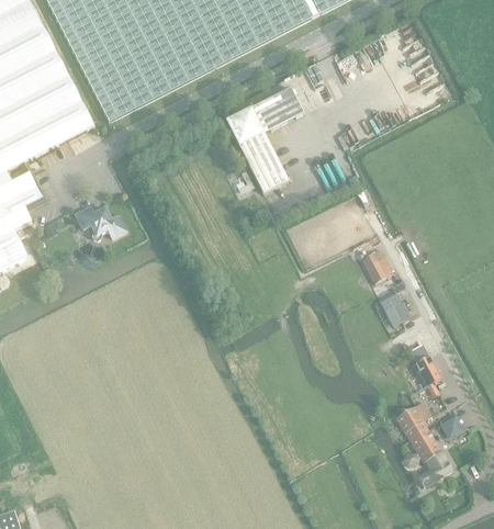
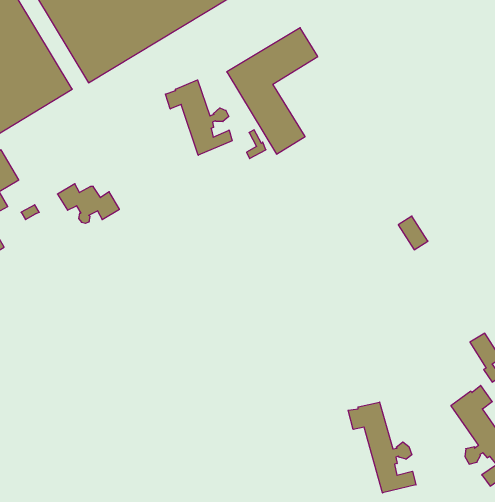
building: none -> [165,80,232,155]
building: [381,295,409,327] -> none
building: none -> [348,402,416,493]

